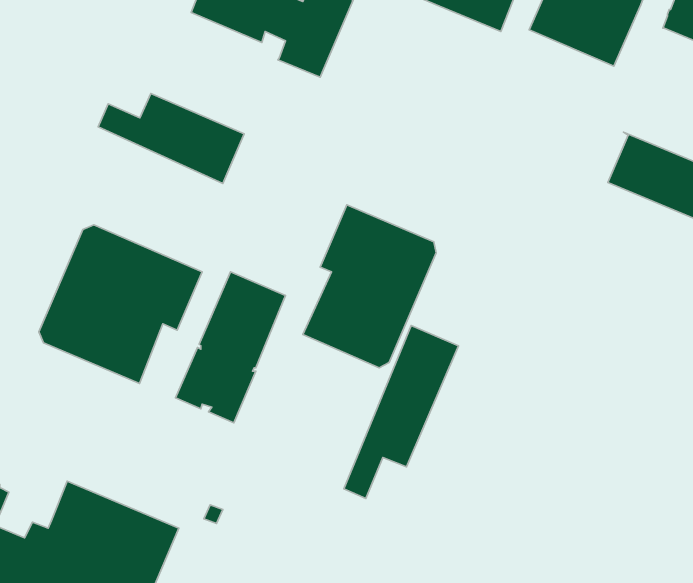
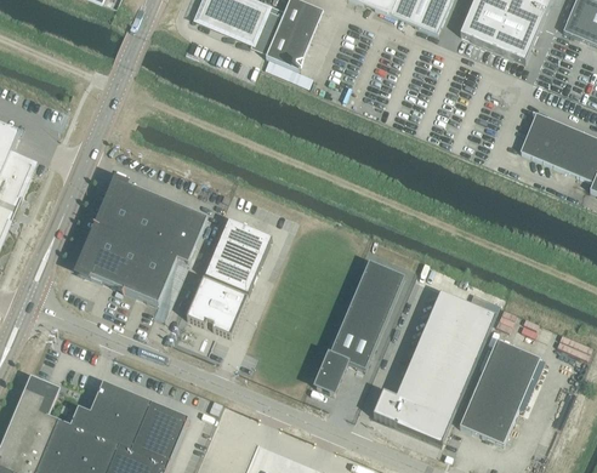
building: [98,93,244,183] -> none
building: [303,205,436,368] -> none
building: none -> [373,290,495,443]
building: none -> [459,338,540,444]

